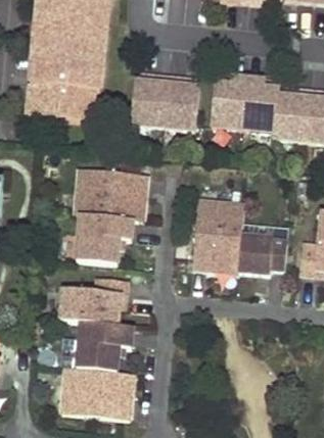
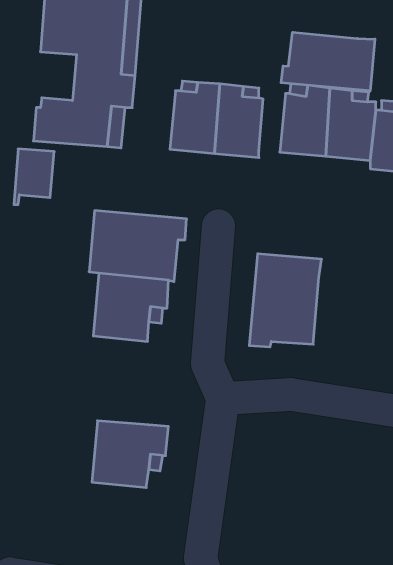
building: none -> [281,32,375,91]
building: [35,51,64,92] -> [14,149,54,205]
building: [237,216,288,272] -> none
building: [60,277,127,325] -> none
building: [62,367,131,418] -> none

